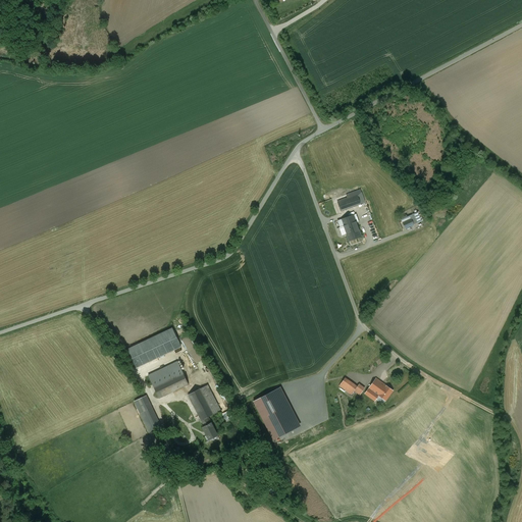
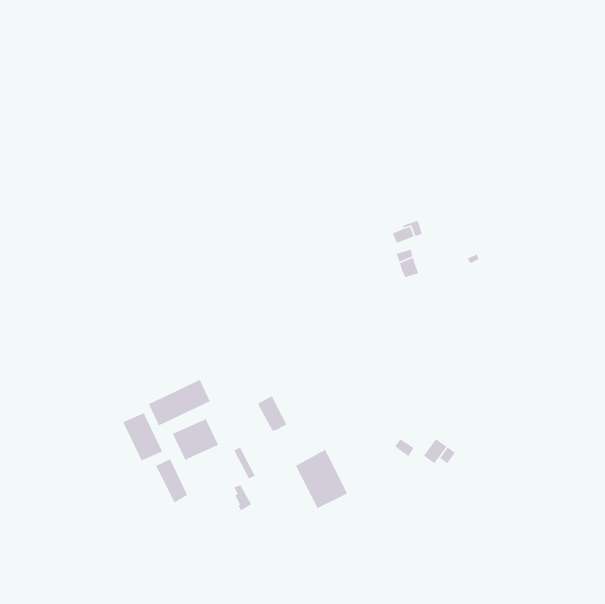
building: none -> [122,412,163,461]
building: [188,387,214,419] -> [257,395,288,432]

